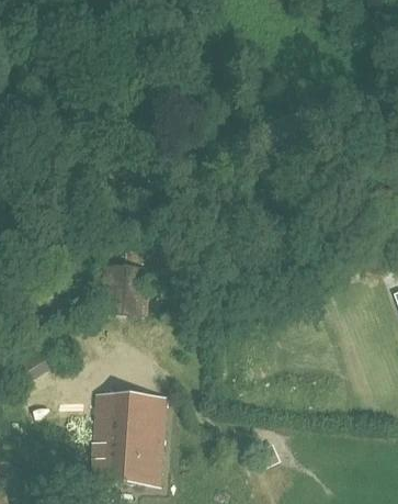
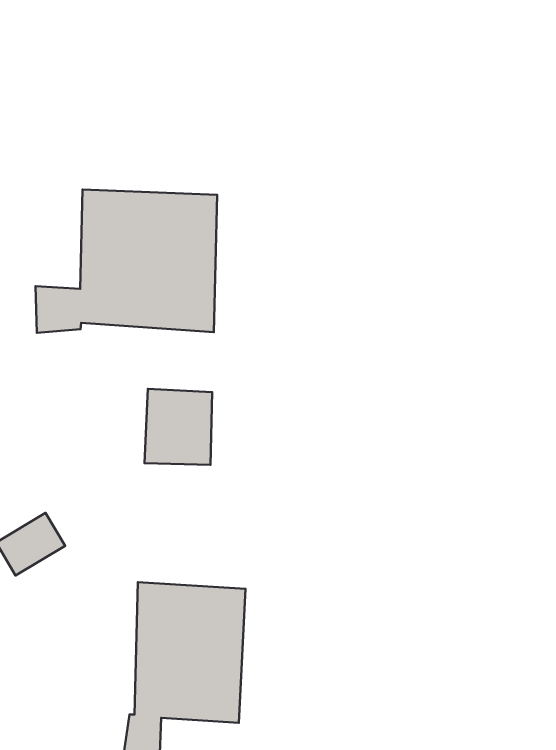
building: none -> [35,189,217,333]

